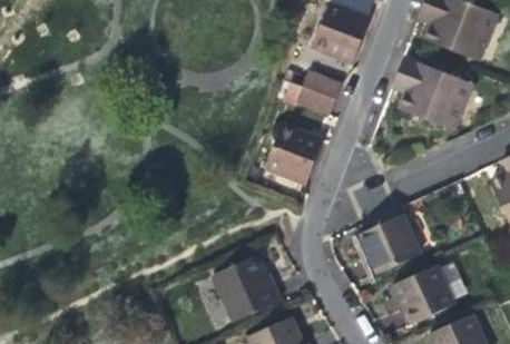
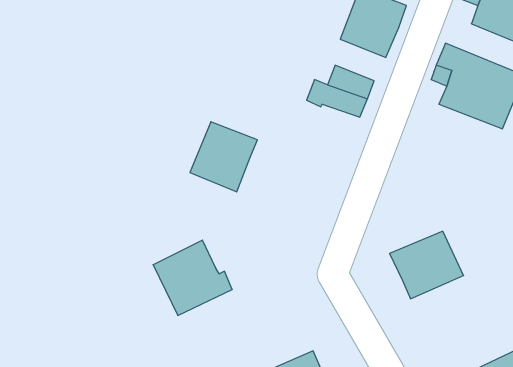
building: [266,126,324,186] -> [190,122,257,192]
building: [210,258,278,323] -> [153,240,232,315]
building: [392,267,449,324] -> none

